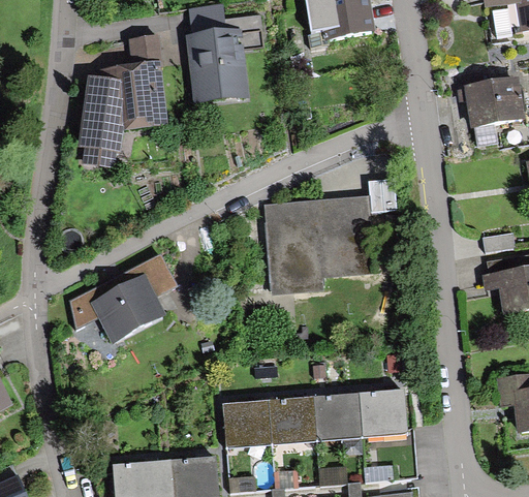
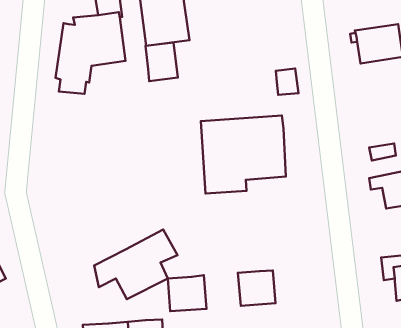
building: none -> [145,42,178,81]
building: [368,177,397,211] -> [276,68,298,95]
building: [70,253,178,343] -> [94,229,178,299]
building: [357,390,406,436] -> none
building: [269,397,316,443] -> none

